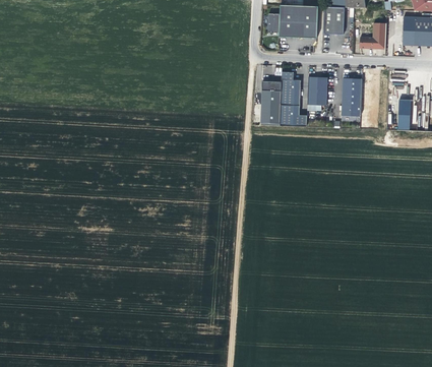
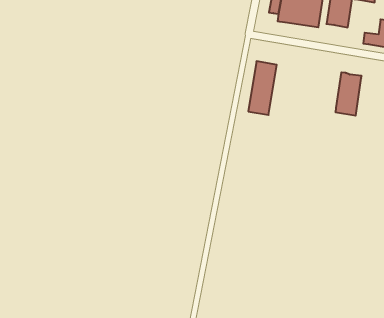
building: [280,70,307,127] -> none
building: [307,79,327,106] -> none

